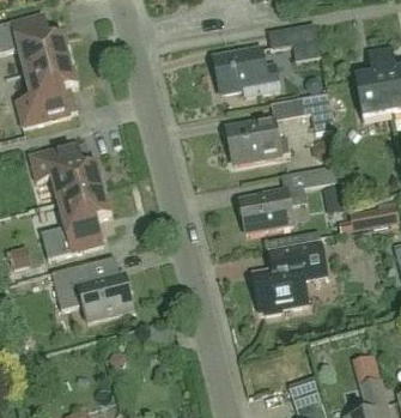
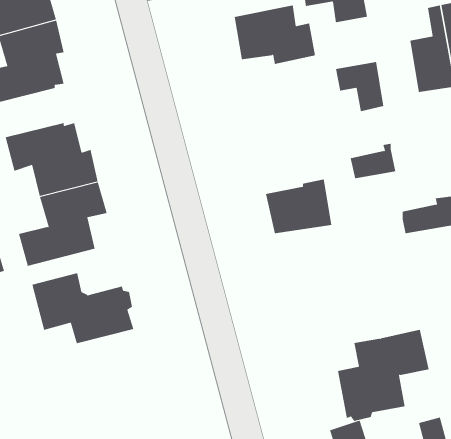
building: [226,119,290,162] -> none
building: [254,238,328,313] -> [337,329,429,422]

